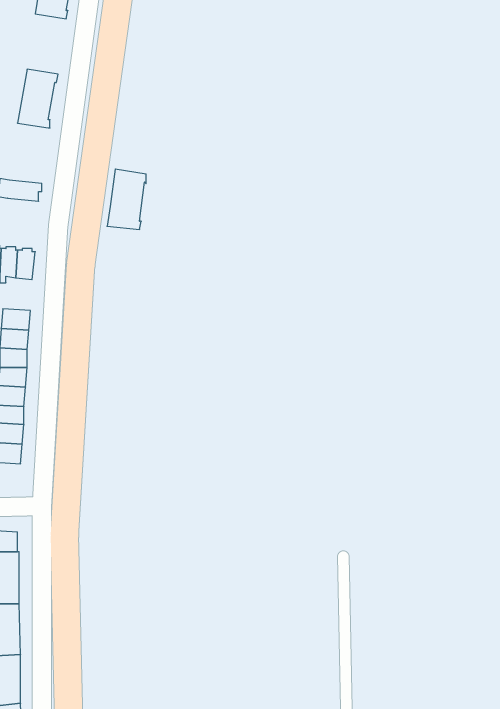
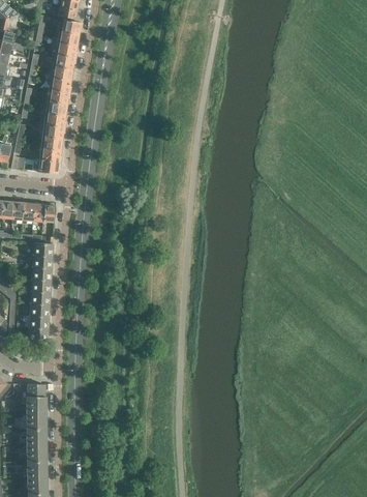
building: none -> [51,55,75,93]
building: [107,169,146,229] -> [39,124,64,163]

